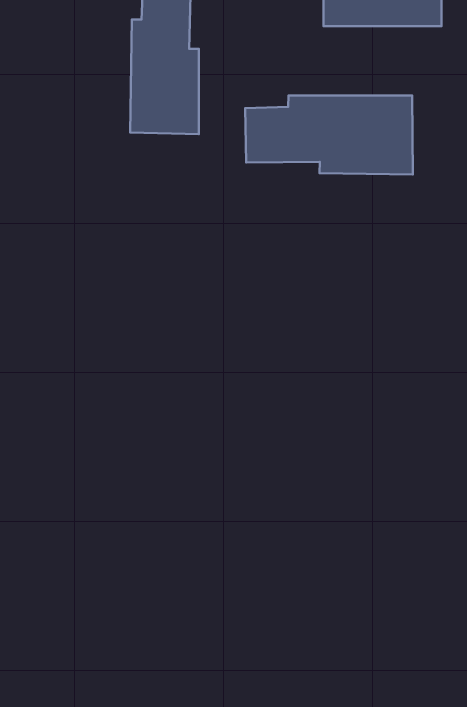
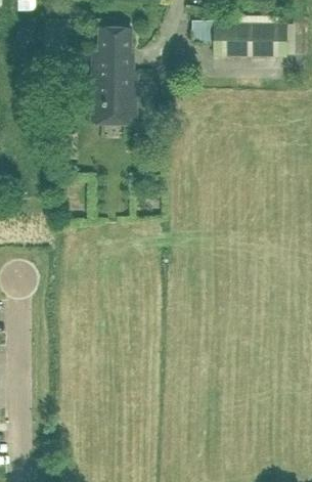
building: [245,96,413,174] -> none

